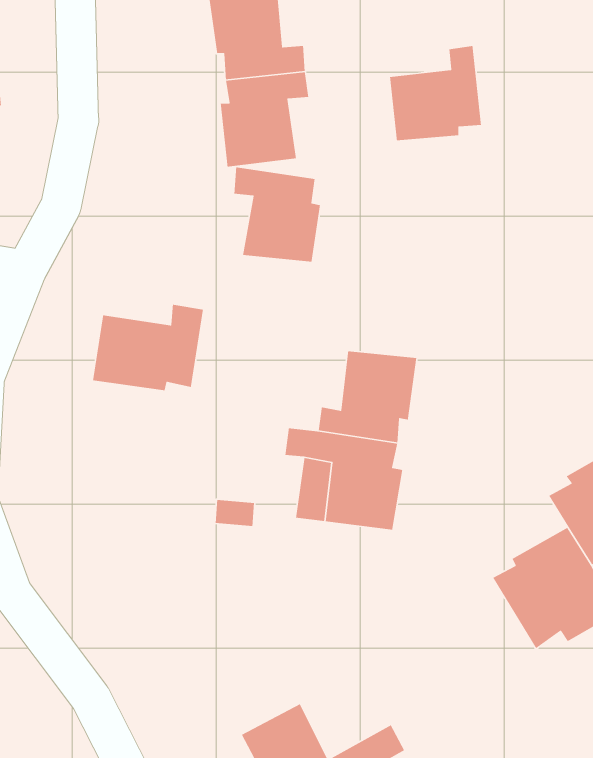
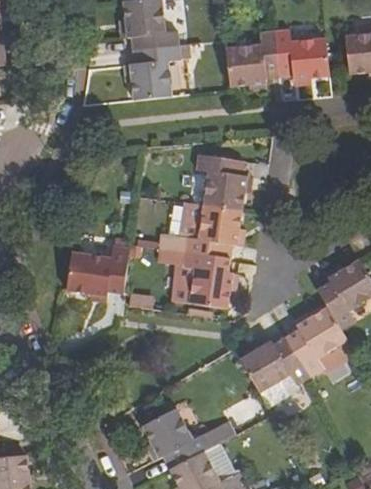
building: none -> [274,28,330,80]
building: [234,166,321,262] -> [197,154,247,209]
building: [92,304,204,391] -> [65,245,129,295]
building: none -> [239,335,310,408]

